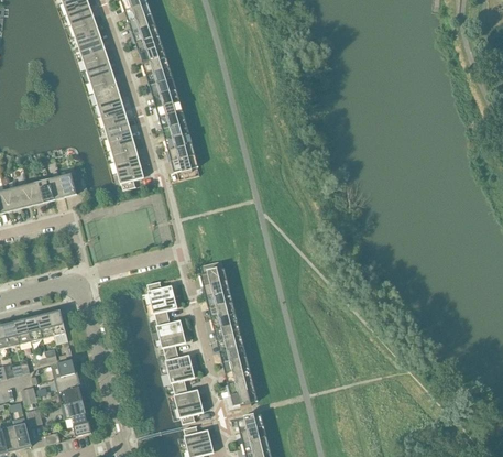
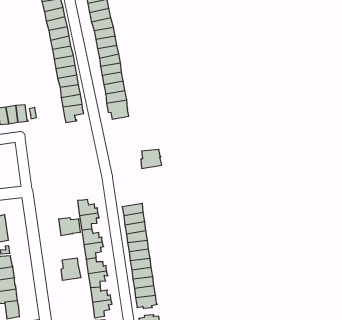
building: [199,260,226,285] -> [141,149,162,168]
building: none -> [59,218,80,236]
building: none -> [61,258,81,280]

